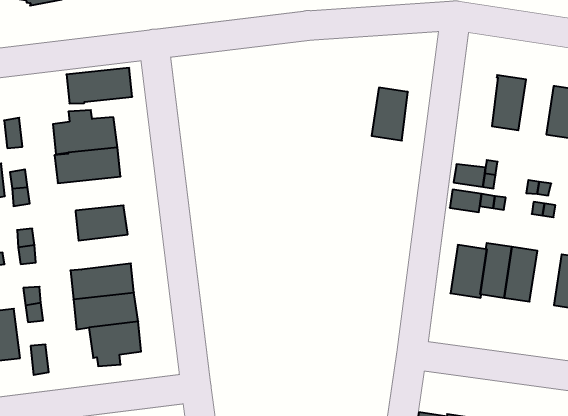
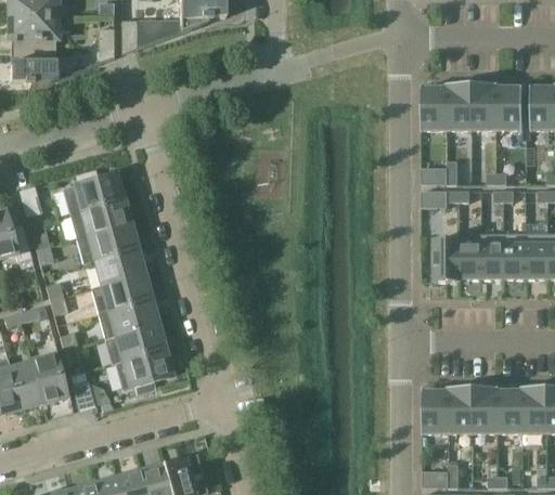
building: [66,68,132,103] -> [76,224,137,263]
building: none -> [473,86,499,131]
building: [372,88,408,141] -> [422,88,449,131]
building: none -> [102,274,151,311]
building: none -> [505,234,527,279]

